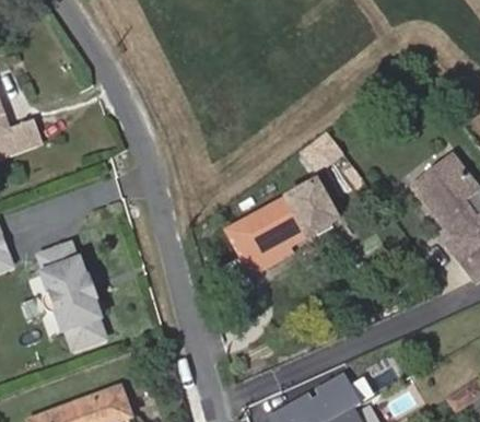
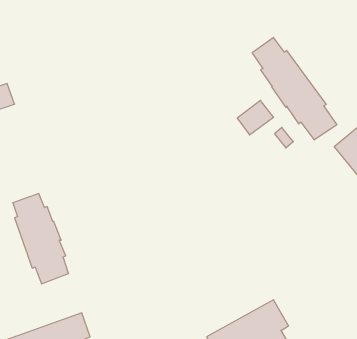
building: none -> [252,37,337,140]
building: [230,181,340,274] -> none

